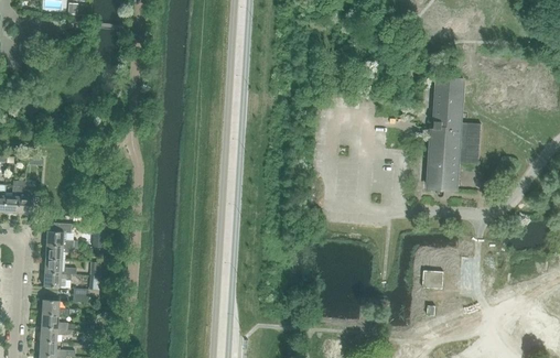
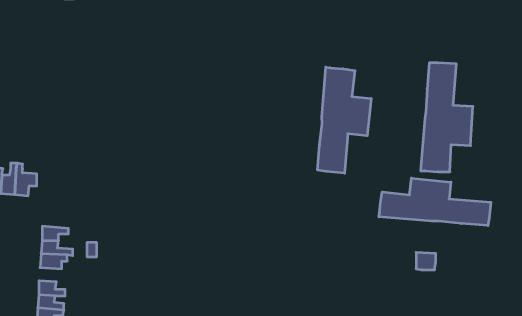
building: none -> [318,67,371,173]
building: none -> [379,178,491,226]
building: [43,225,77,247] -> none

